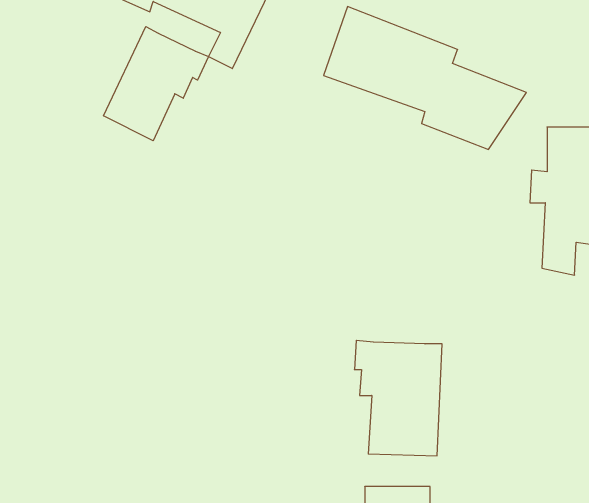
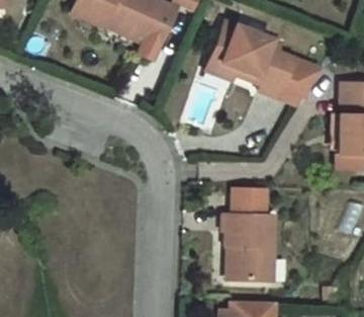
building: [104,27,208,141] -> none
building: none -> [236,192,267,221]

